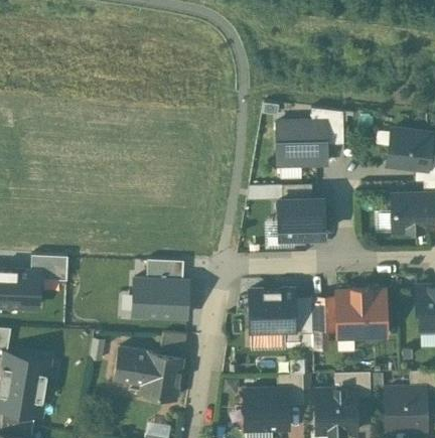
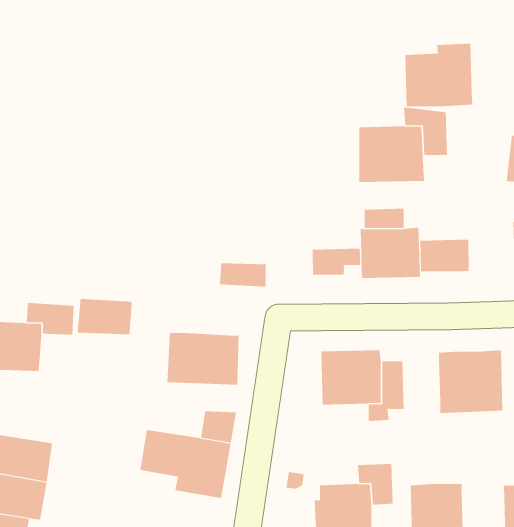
building: none -> [405,43,473,107]
building: none -> [420,239,469,272]
building: none -> [312,248,361,275]
building: none -> [77,298,132,335]
building: [145,262,180,280] -> [219,263,267,287]
building: [310,299,337,335] -> none
building: [333,375,370,400] -> none

